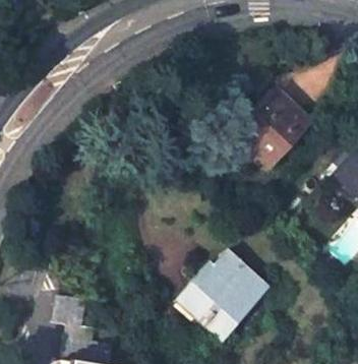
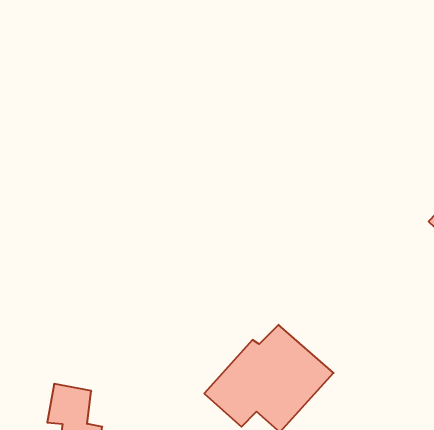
building: [240,98,306,164] -> none

